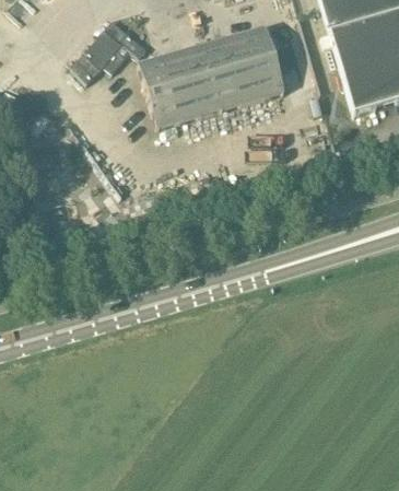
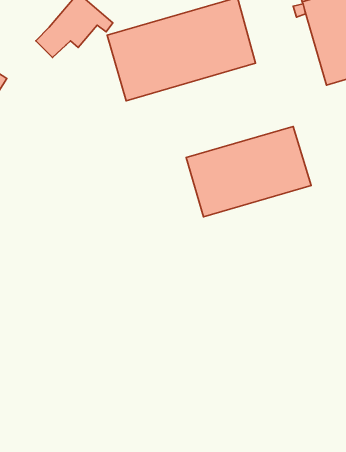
building: none -> [186,127,311,217]

